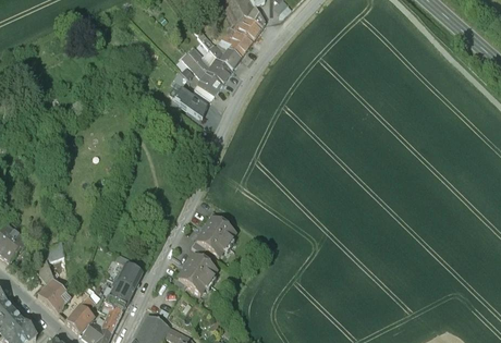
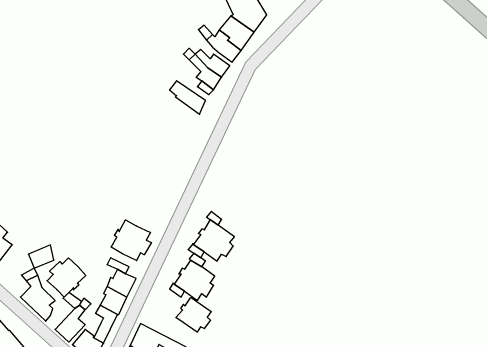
building: none -> [111,220,151,261]
building: none -> [47,258,86,297]
building: none -> [176,298,211,332]

